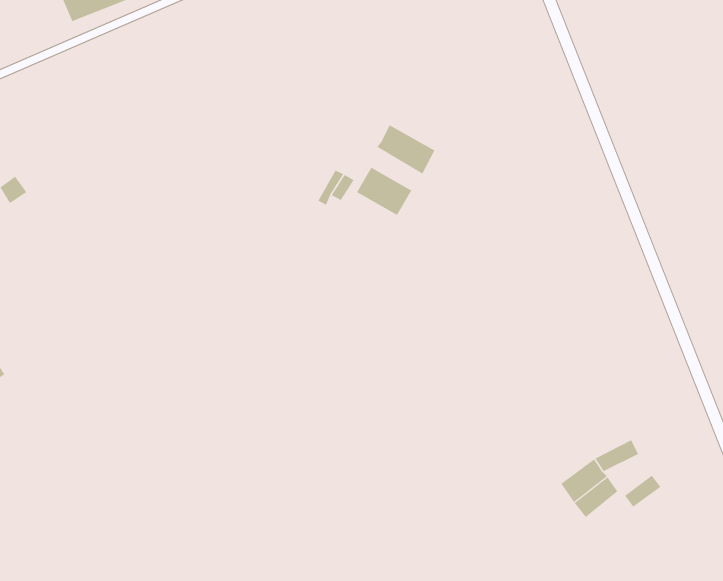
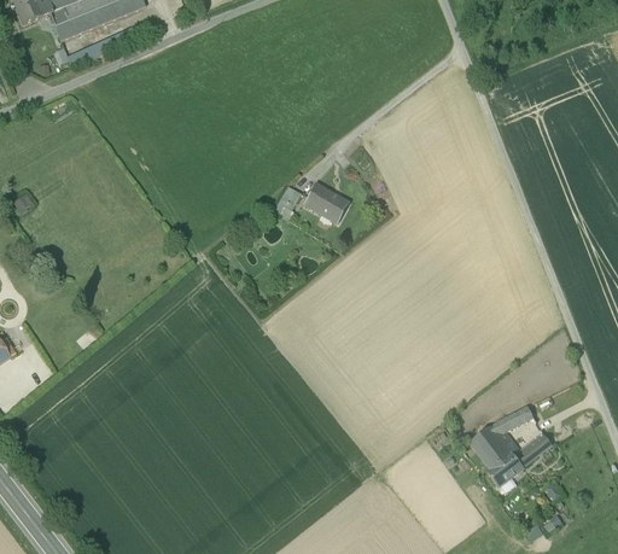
building: [377,125,435,174] -> none
building: none -> [485,445,527,483]

